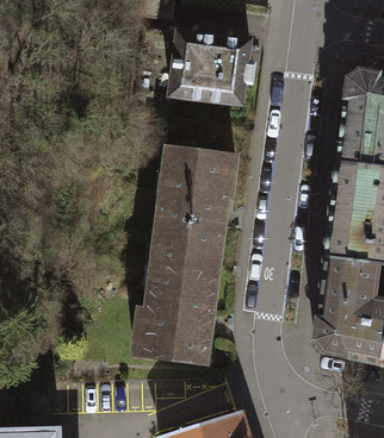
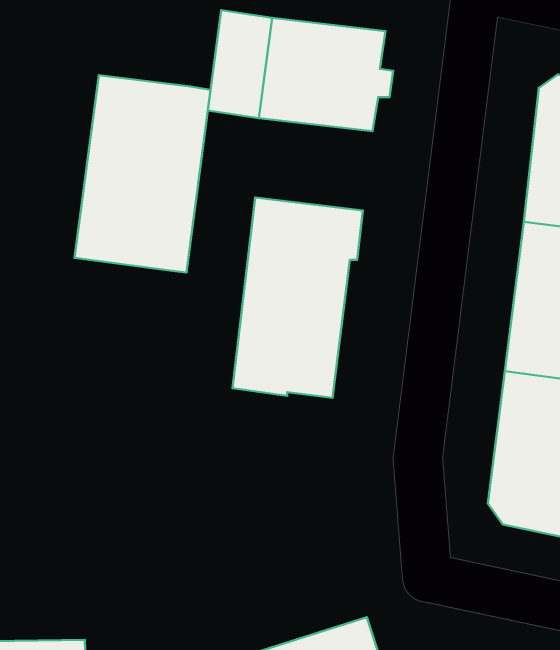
building: none -> [75,75,211,273]
building: [136,268,217,365] -> none

